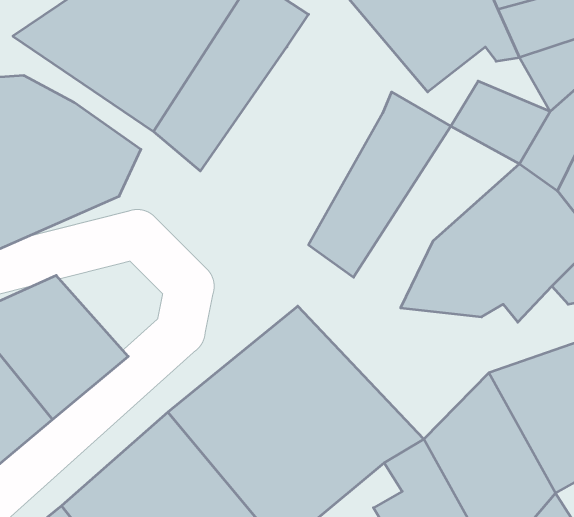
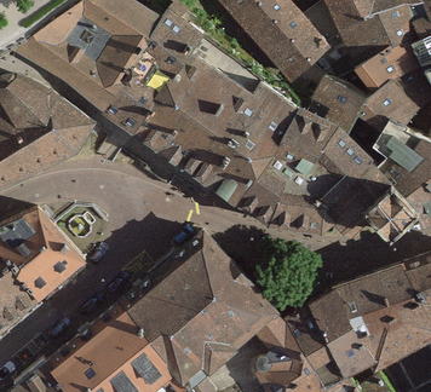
building: none -> [138,57,260,190]
building: none -> [241,110,352,232]

